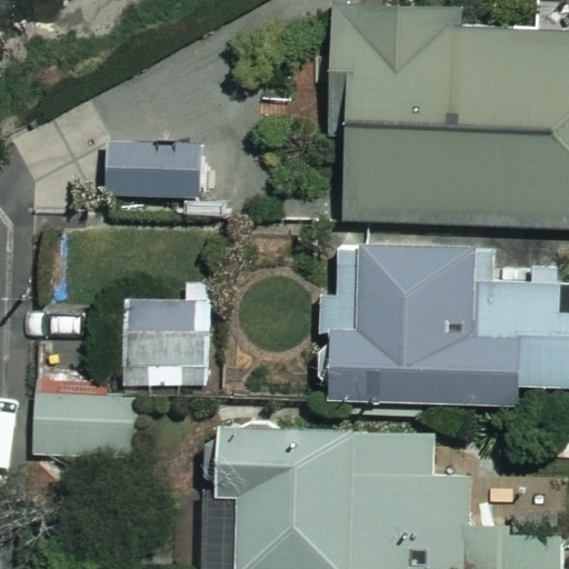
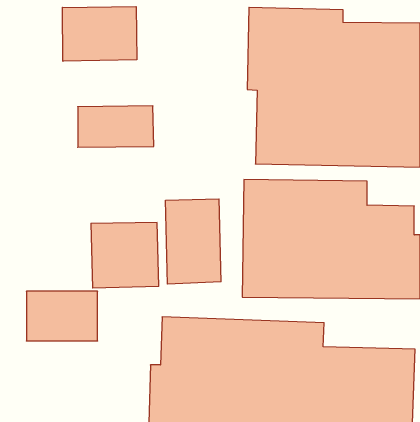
building: none -> [62,7,137,61]
building: none -> [166,199,221,284]

